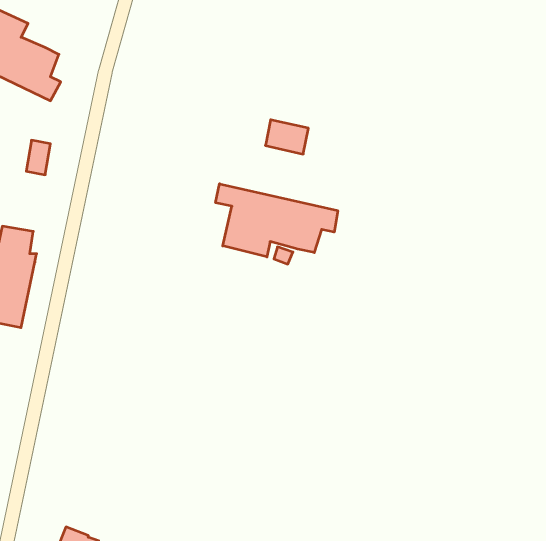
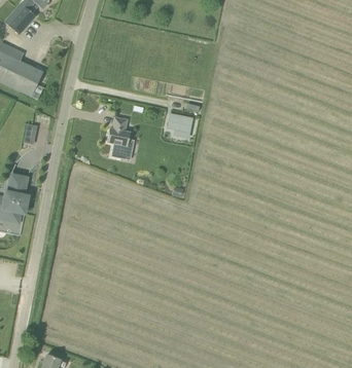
building: none -> [106,116,130,146]
building: [216,184,338,257] -> none

